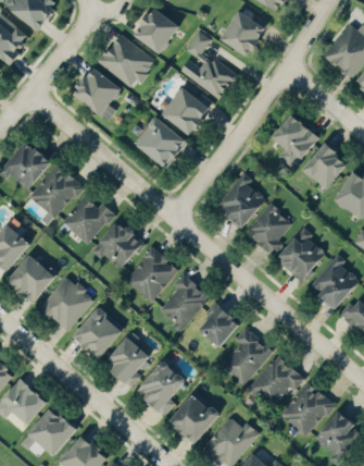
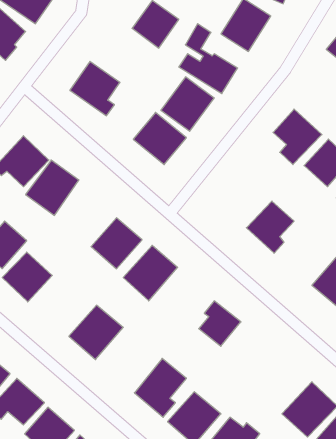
building: [97,35,153,89] -> none
building: [215,173,265,228] -> none
building: [61,196,114,245] -> none
building: [276,231,325,281] -> none
building: [158,273,209,331] -> none
building: [38,275,93,332] -> none
building: [219,328,272,385] -> none
building: [104,331,149,387] -> none
building: [249,355,303,407] -> none

